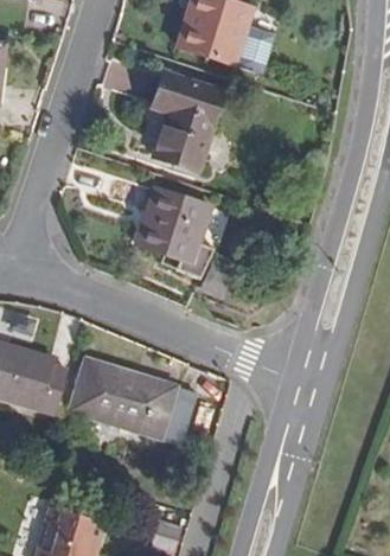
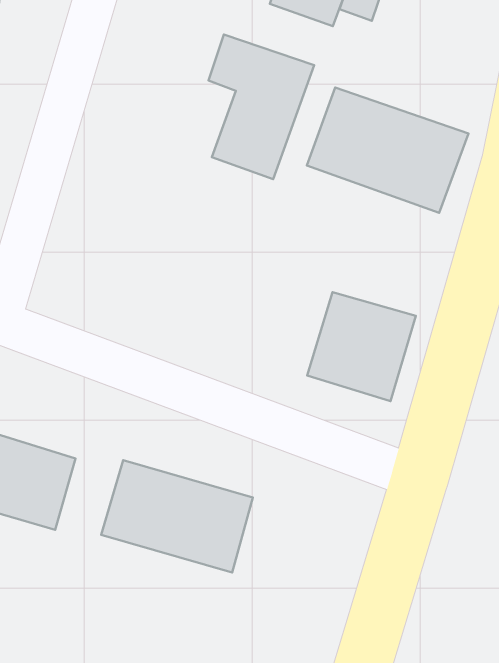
building: none -> [307,88,469,213]
building: [146,194,222,270] -> [307,292,416,401]

